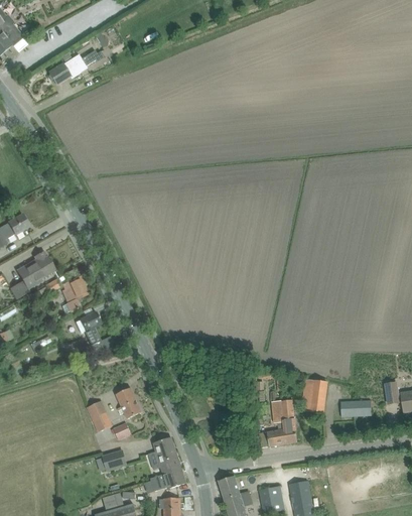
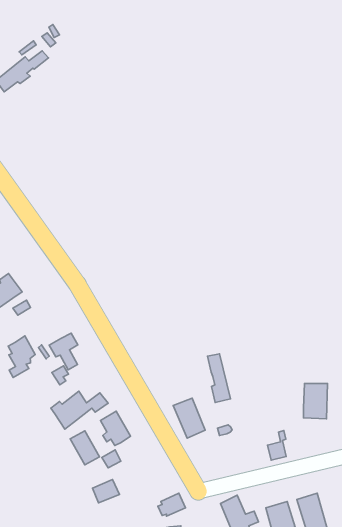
building: [61,276,87,313] -> [8,336,35,378]
building: none -> [51,391,108,429]
building: [279,400,296,444] -> [208,354,230,402]
building: [153,438,180,475] -> [173,398,205,438]

